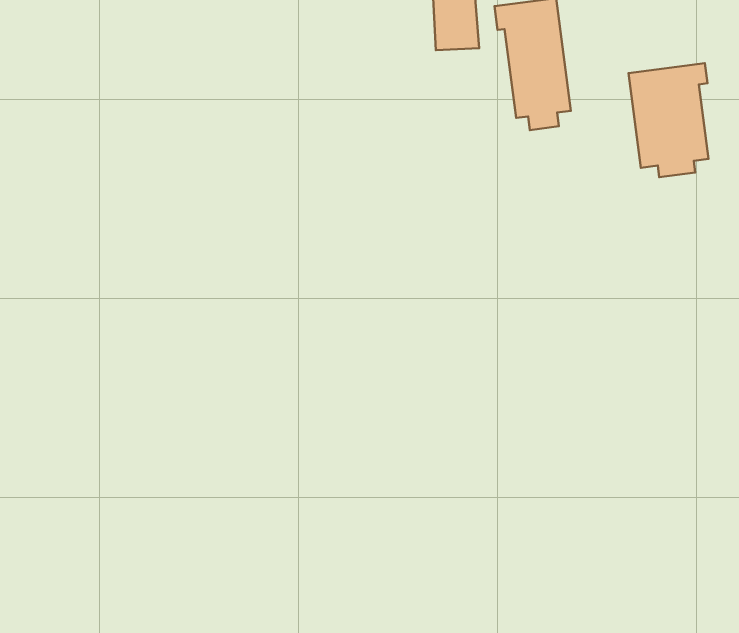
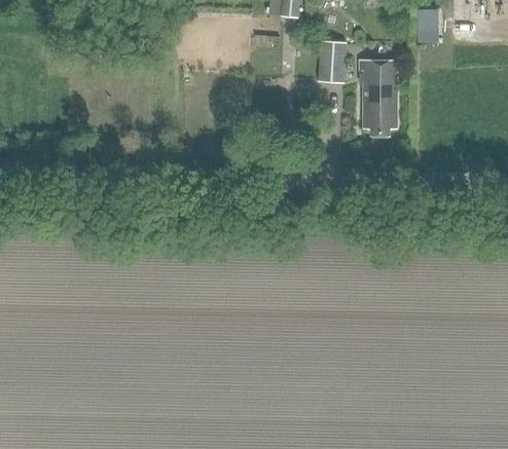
building: [629,63,709,177] -> none

